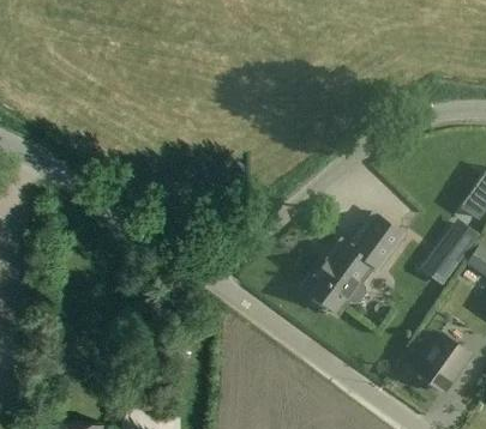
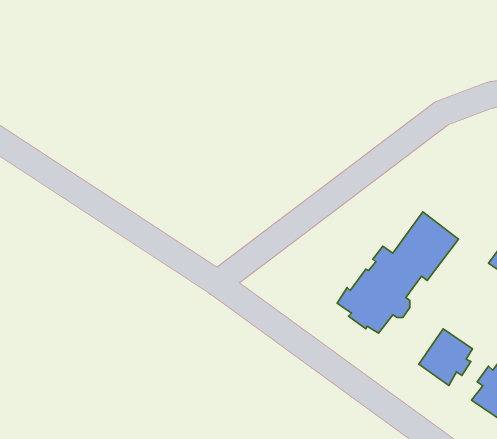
building: none -> [419,329,473,385]

